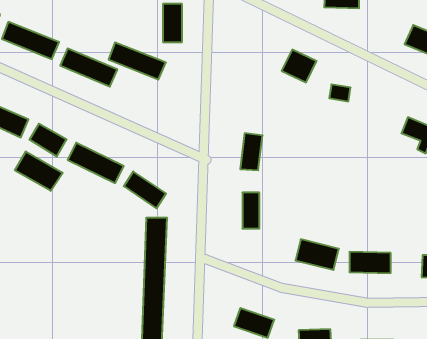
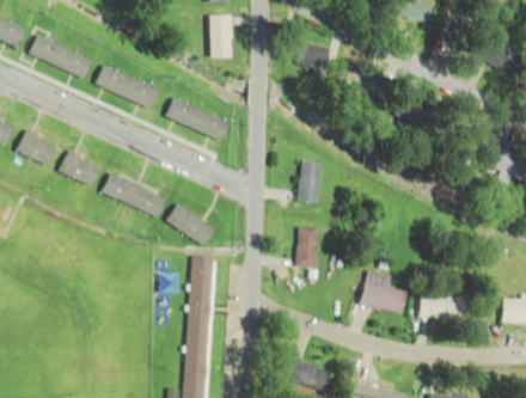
building: none -> [295,41,331,73]
building: [109,42,166,80] -> [164,97,228,139]
building: [15,151,63,191] -> none

